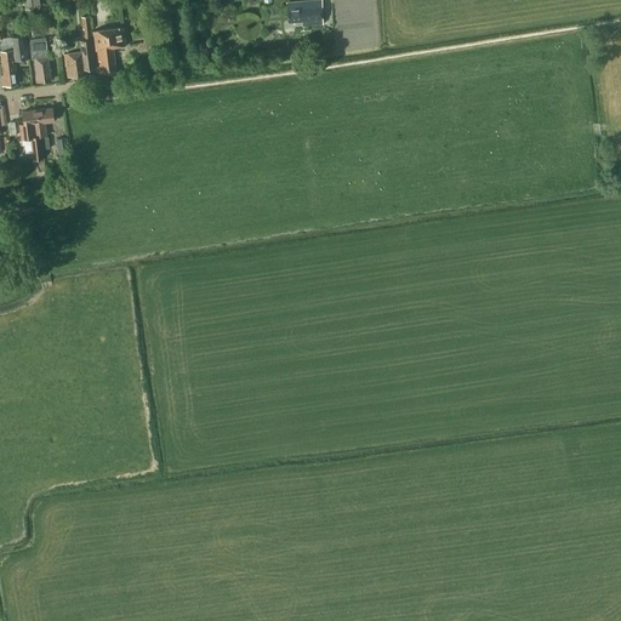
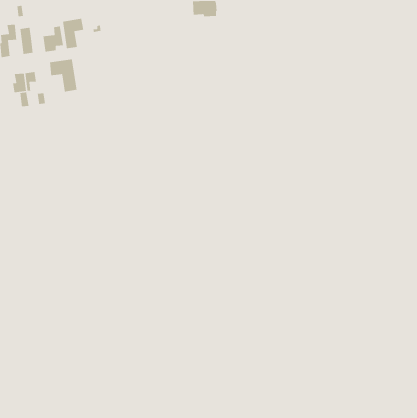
building: none -> [49,59,78,92]

